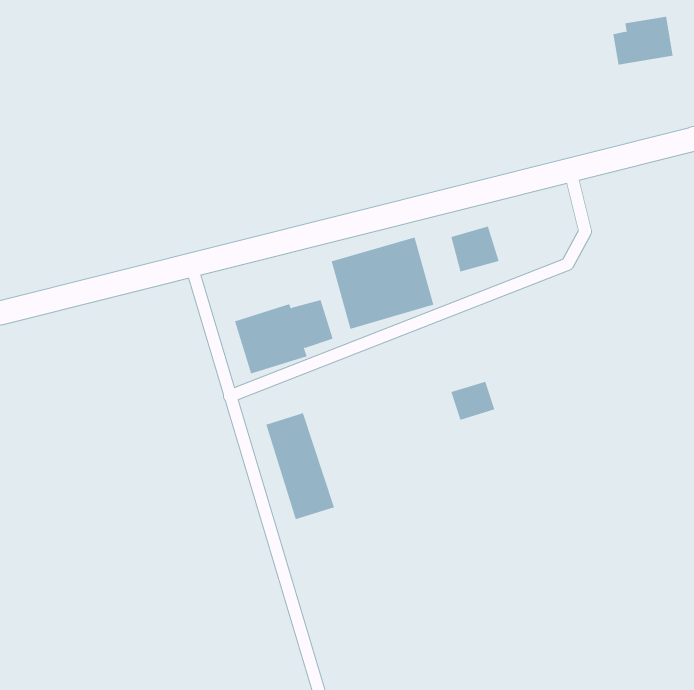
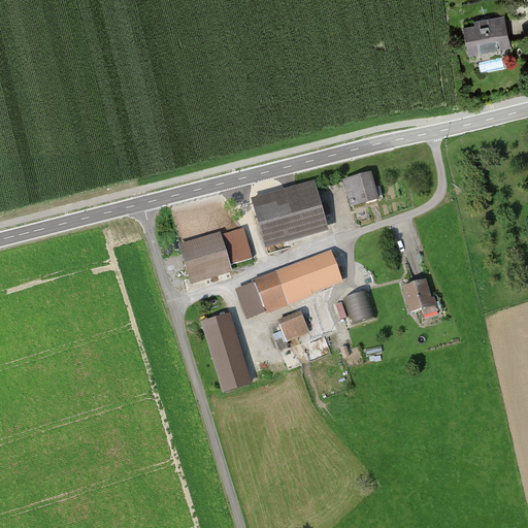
building: none -> [236,248,345,320]
building: none -> [401,278,438,312]
building: none -> [276,310,309,340]

